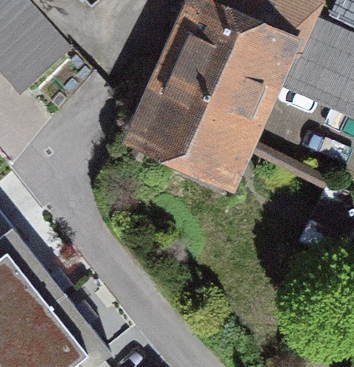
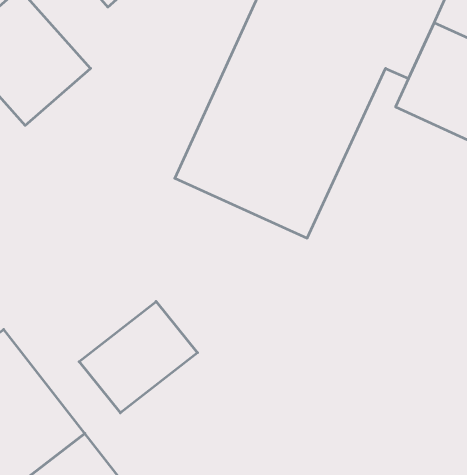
building: none -> [79,301,198,413]

